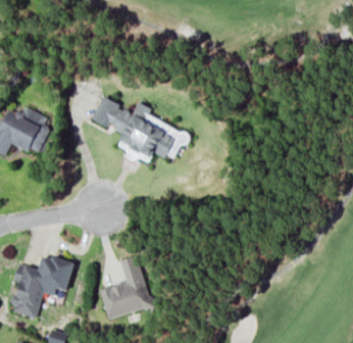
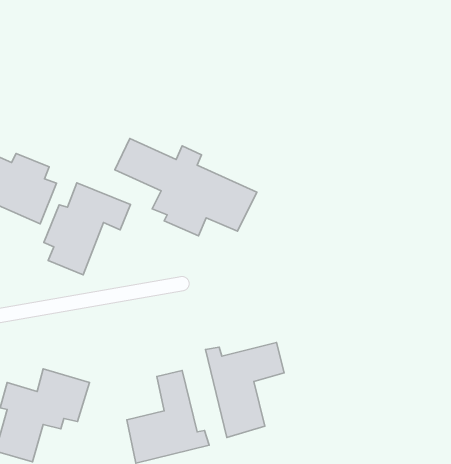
building: none -> [44,183,131,275]
building: none -> [205,343,284,437]

